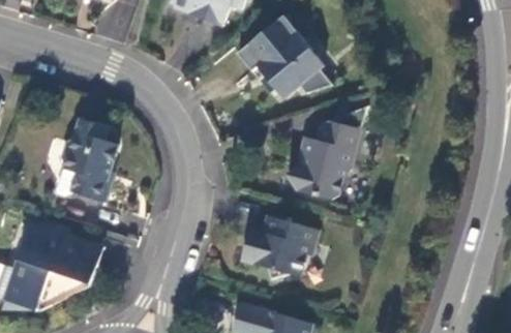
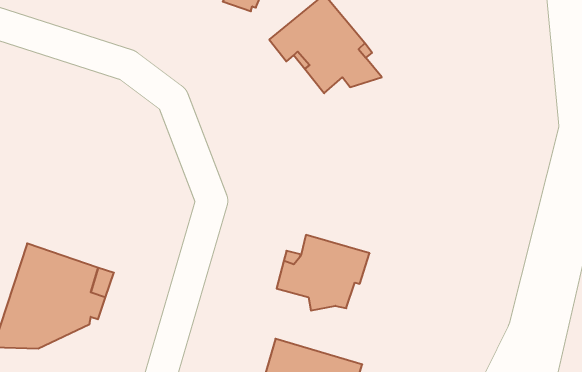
building: [62,119,118,203] -> none
building: [287,121,361,200] -> none

